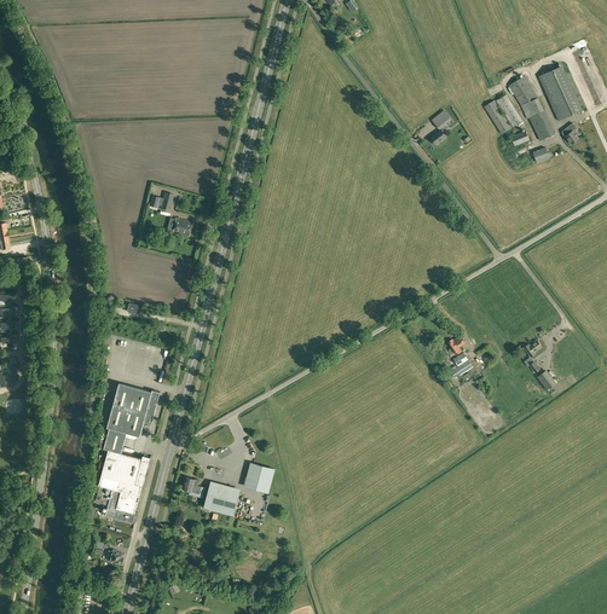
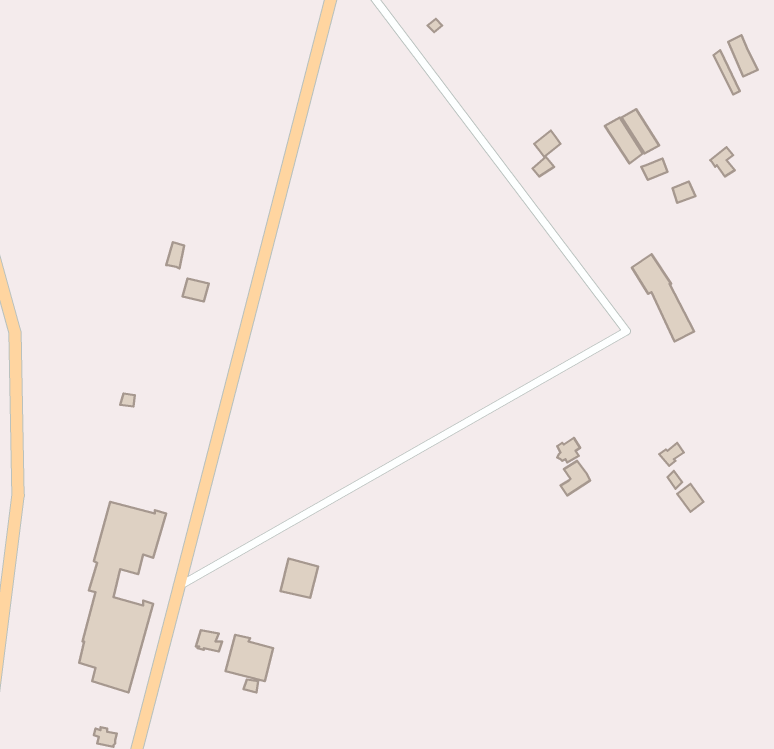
building: [538,65,580,120] -> none
building: [508,76,554,140] -> [632,254,694,341]
building: [245,463,273,492] -> [280,558,318,598]

